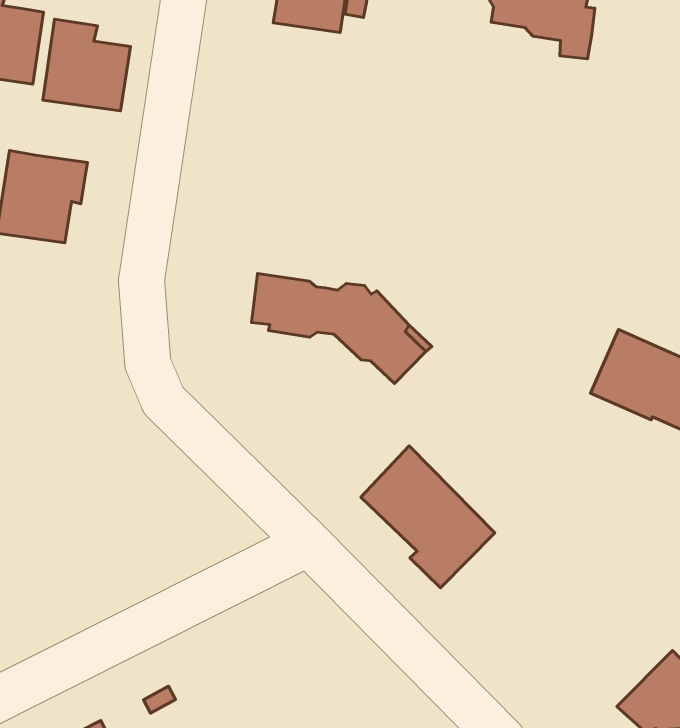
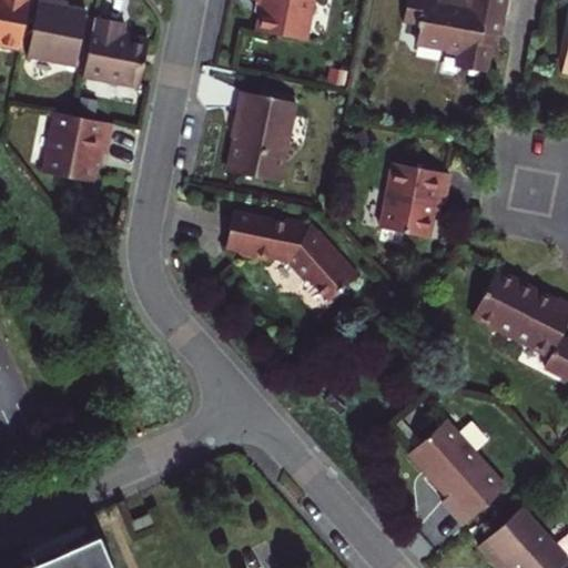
building: none -> [227,92,293,182]
building: none -> [379,164,449,237]
building: [361,446,495,588] -> [409,419,506,525]

